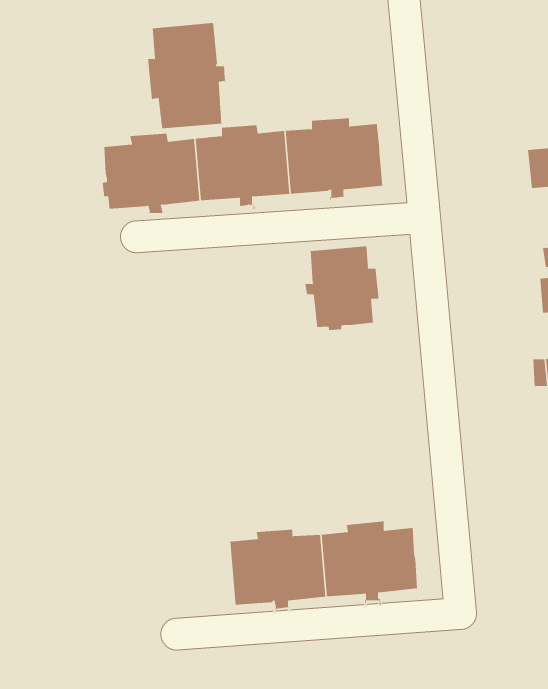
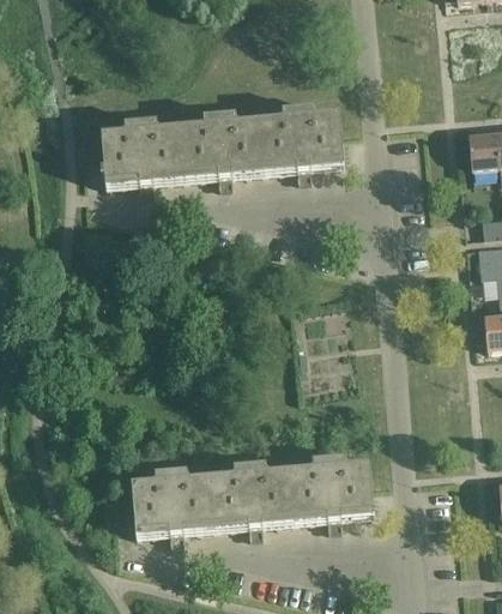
building: [148,22,230,129] -> none
building: [301,246,379,331] -> none
building: none -> [132,466,216,540]

